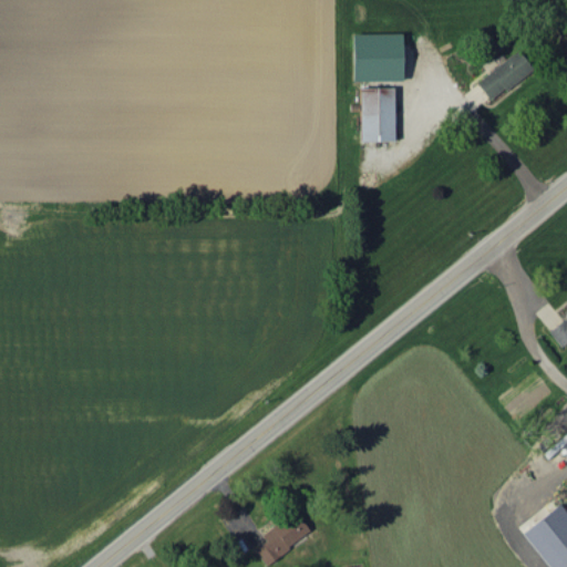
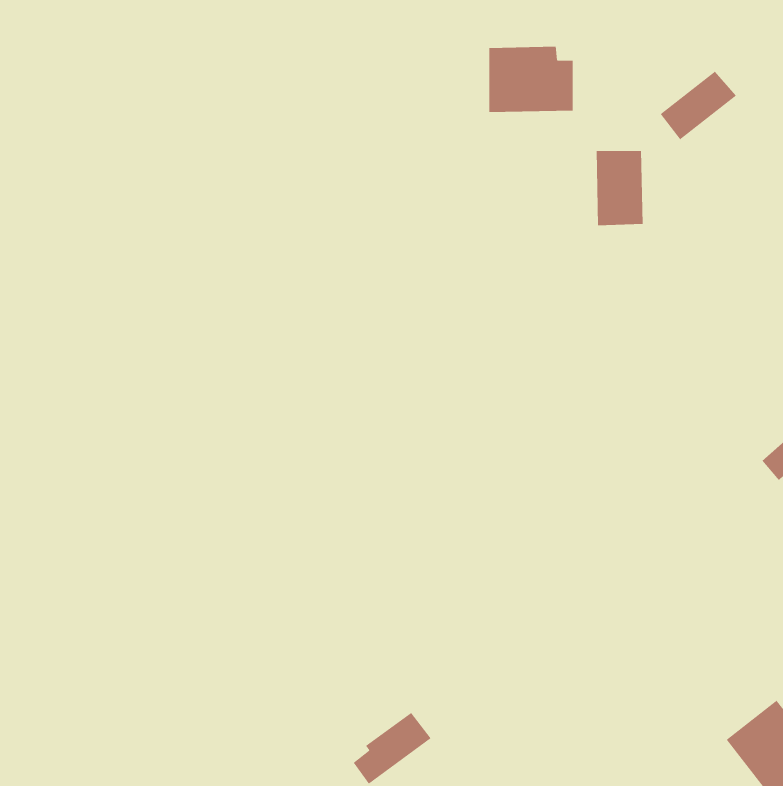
building: [362,87,396,142] -> [596,150,643,226]

